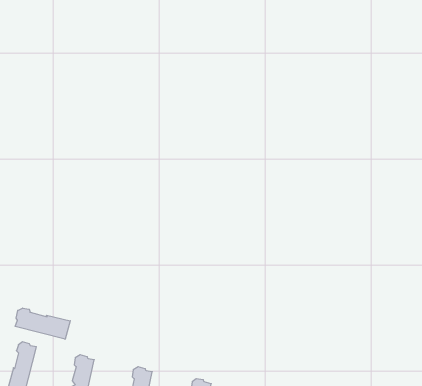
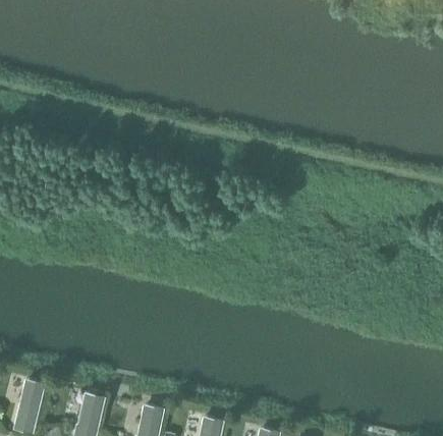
building: [15,308,70,339] -> none

